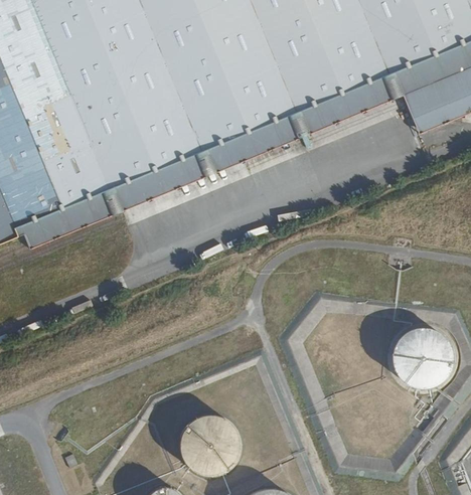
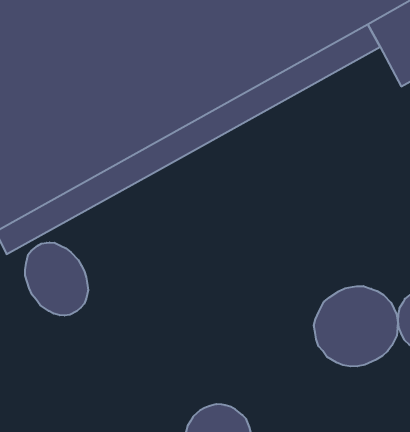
building: none -> [25,242,88,316]
building: none -> [314,286,398,366]

